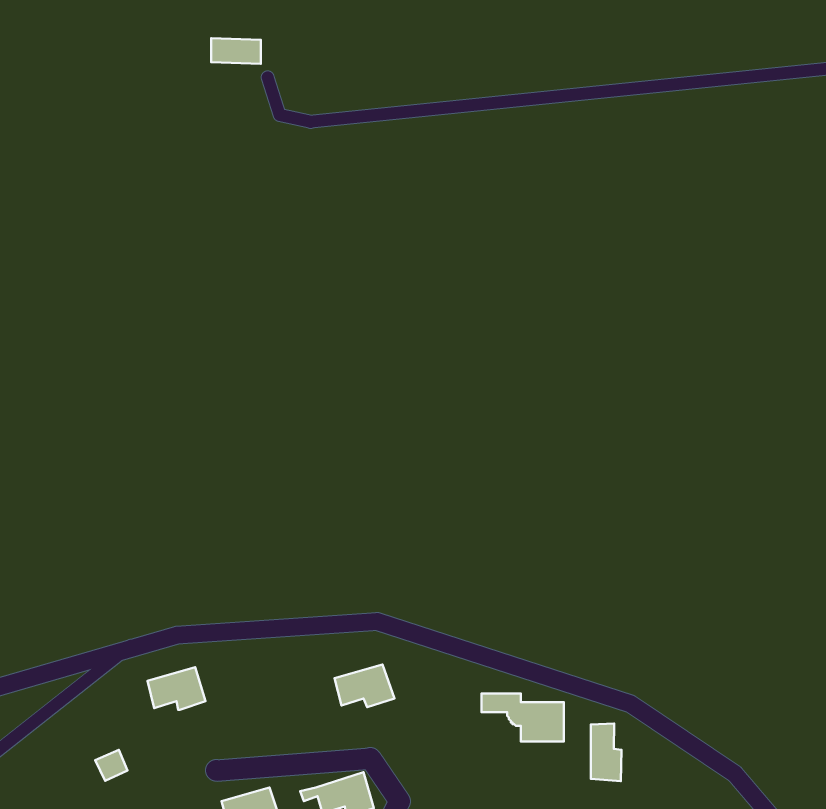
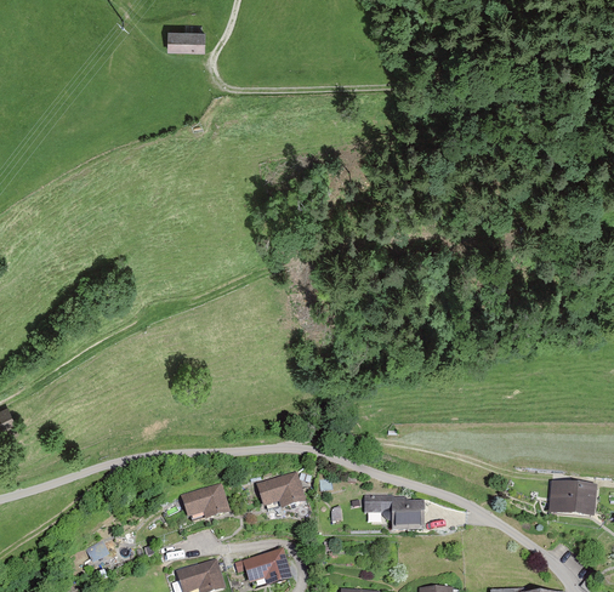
building: [147,667,206,710] -> [184,485,226,516]
building: none -> [550,480,597,514]
building: [591,723,621,781] -> none

